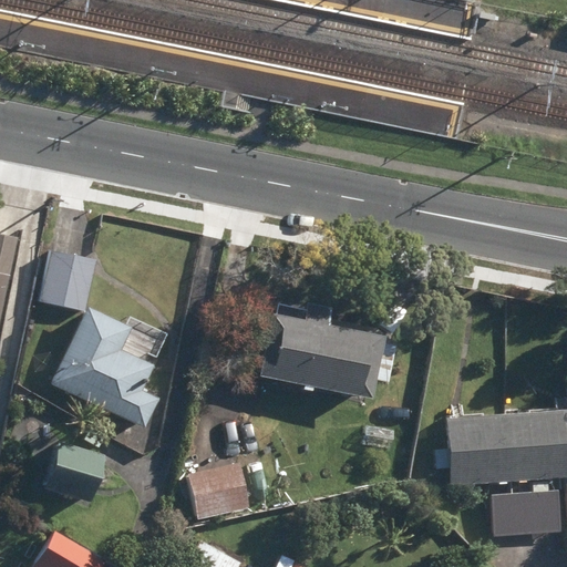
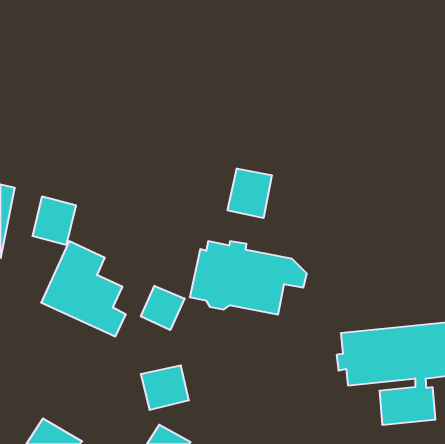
building: none -> [228,168,272,218]
building: none -> [141,286,185,330]
building: [49,442,106,499] -> none

